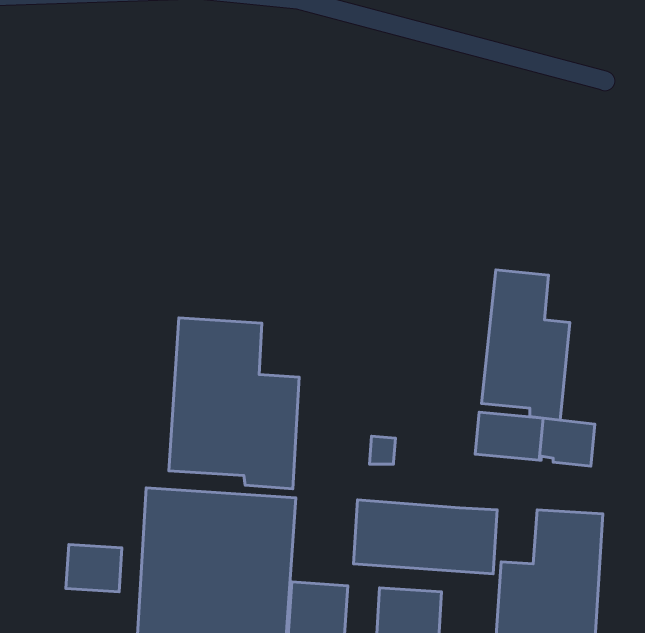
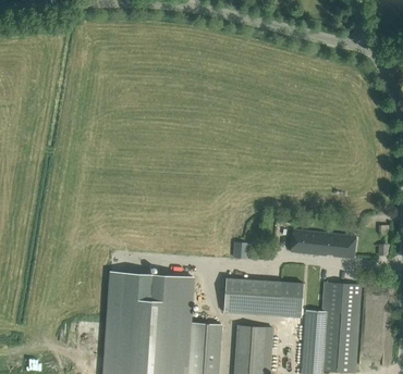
building: [482,270,570,420] -> none
building: [169,318,299,489] -> none
building: [66,544,122,592] -> none

